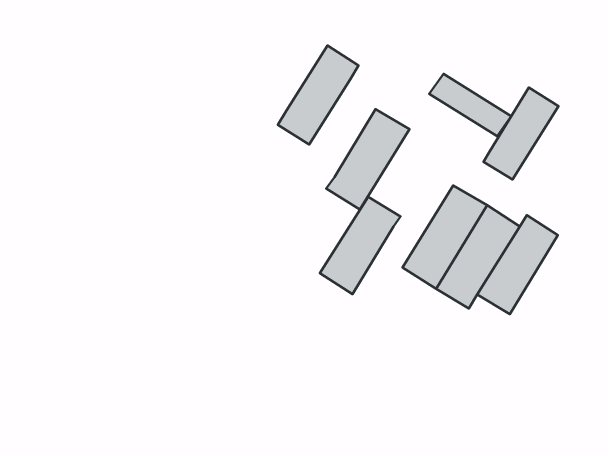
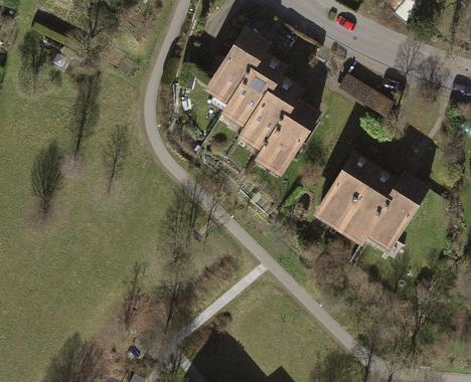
building: none -> [207,28,269,101]
building: [483,88,558,179] -> none
building: [320,197,401,294] -> [245,78,302,148]

